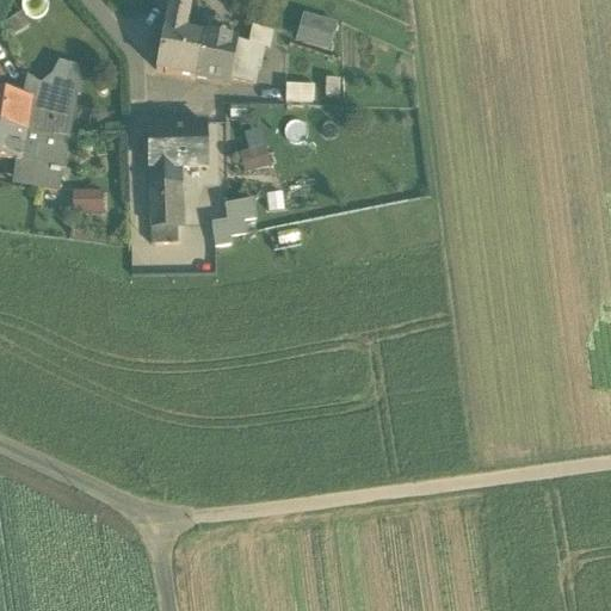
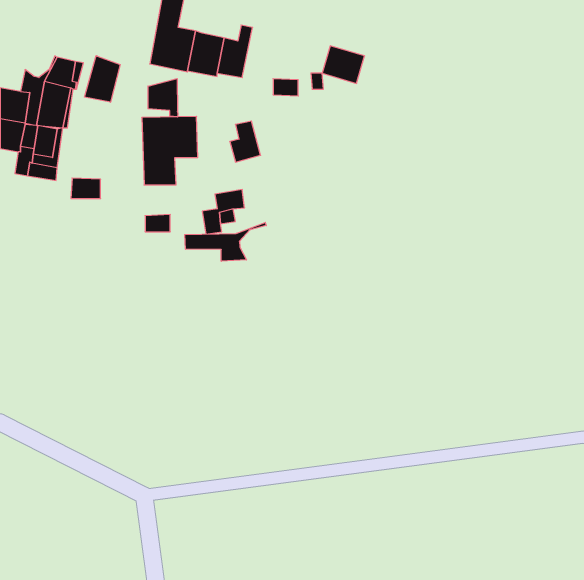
building: [296,8,340,48] -> [322,46,365,83]
building: none -> [85,56,120,102]
building: none -> [148,79,178,117]
building: [150,193,178,226] -> none
building: none -> [185,222,266,261]

